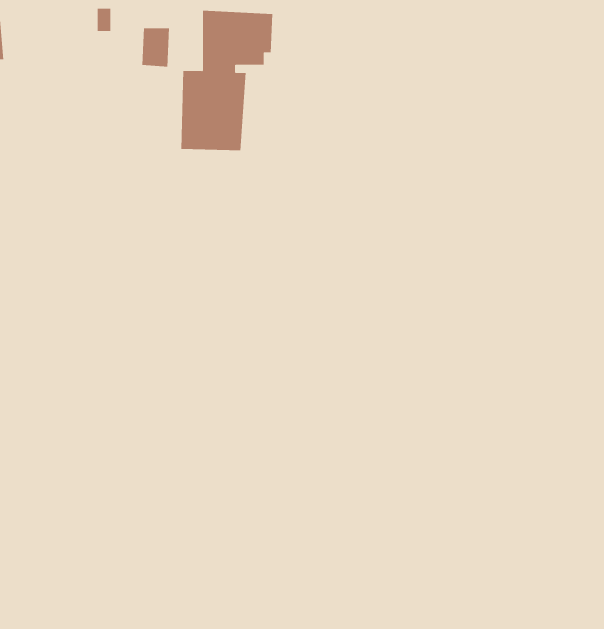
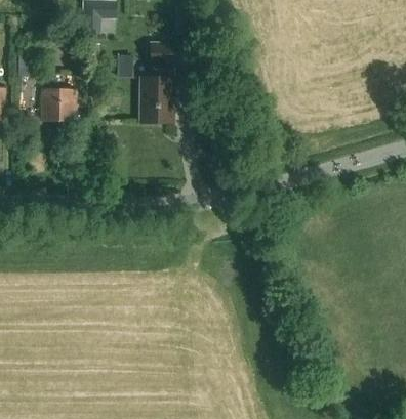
building: none -> [40,87,75,121]

